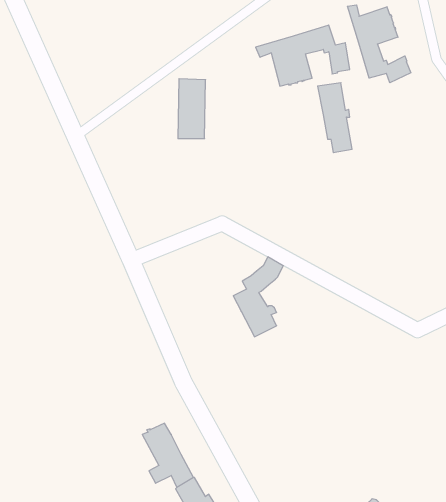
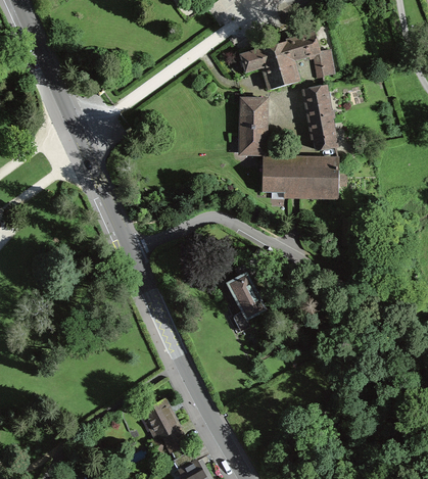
building: [347,5,411,83] -> none
building: [178,79,206,139] -> [240,98,266,153]
building: none -> [261,160,338,198]

